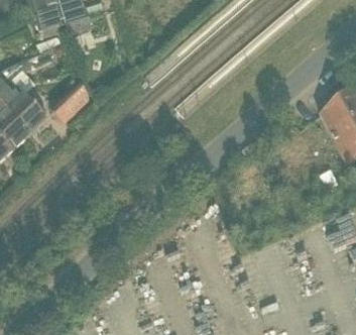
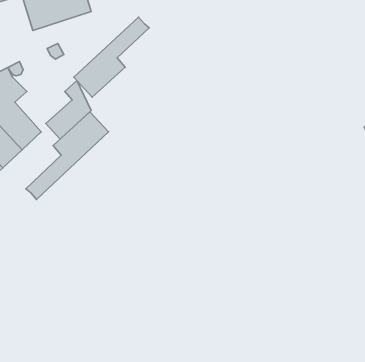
building: none -> [74,17,149,97]
building: none -> [26,112,109,200]

